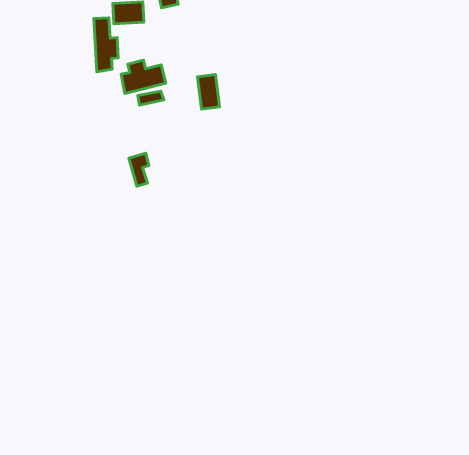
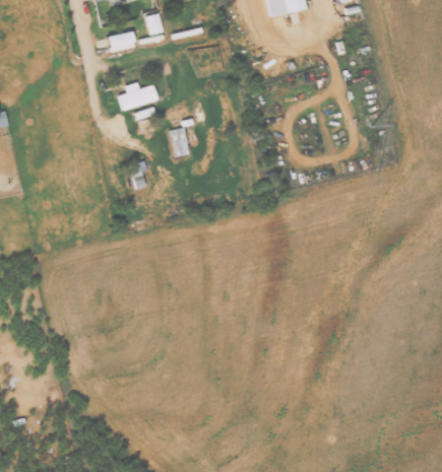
building: [94,18,118,72] -> none
building: [198,74,219,109] -> [171,127,191,157]

